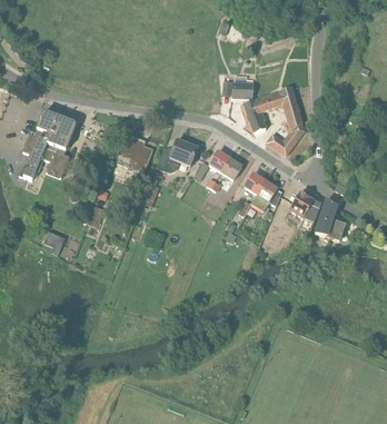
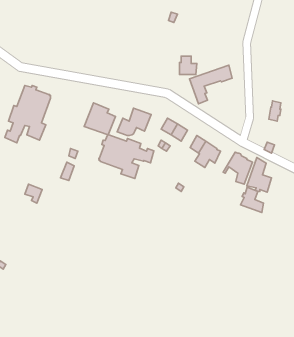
building: [267,101,304,155] -> none
building: none -> [99,135,154,178]
building: none -> [240,187,263,212]

